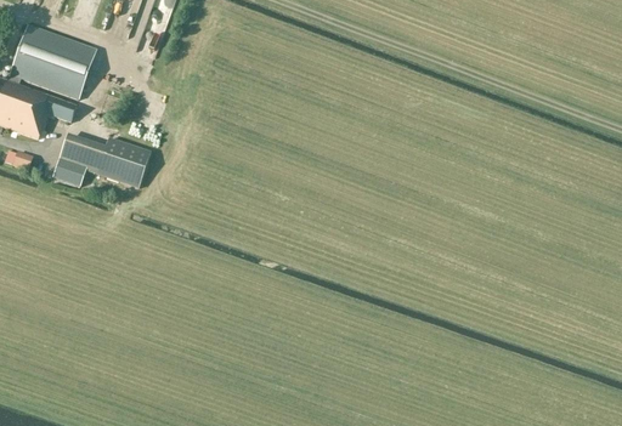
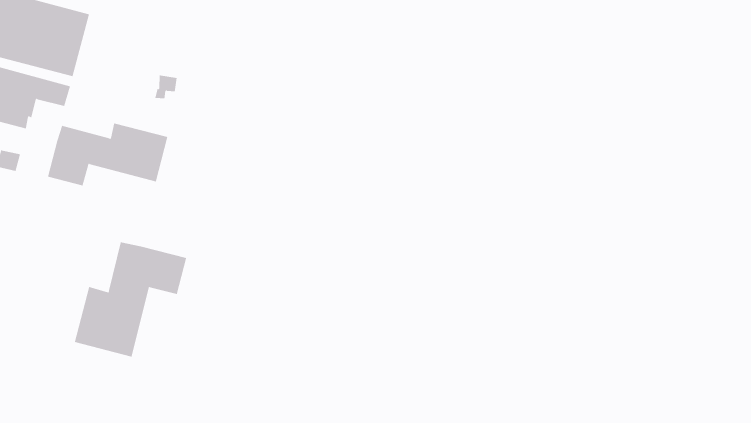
building: none -> [74,241,187,357]

